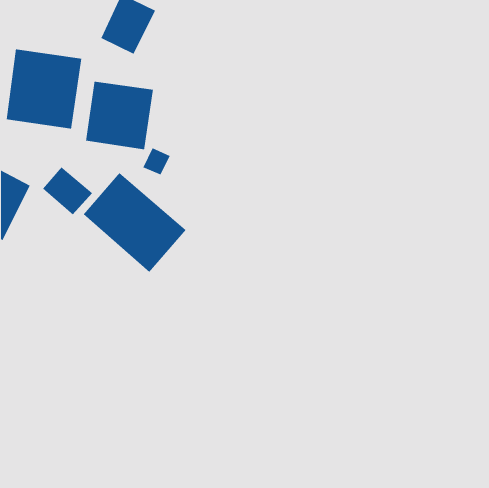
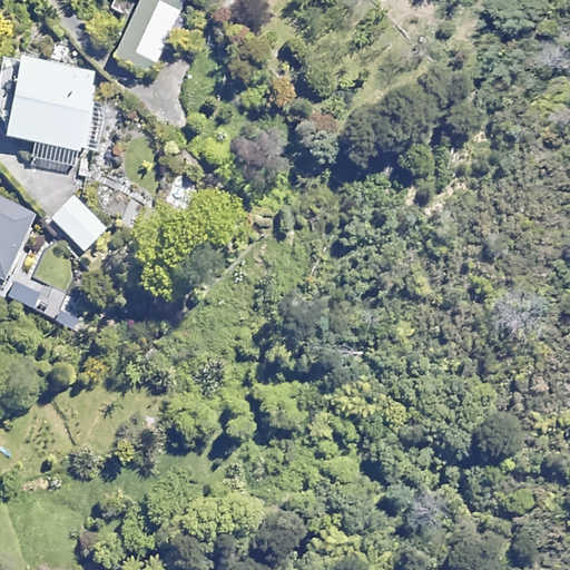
building: [86,81,153,150] -> none
building: [83,172,187,273] -> none

